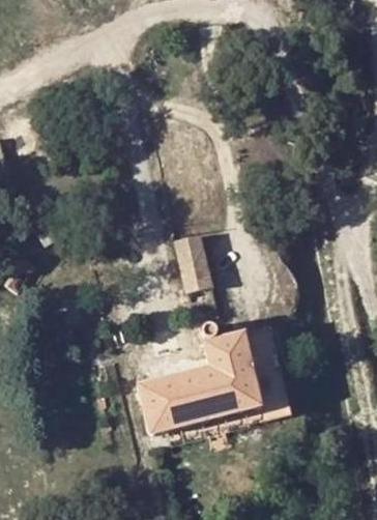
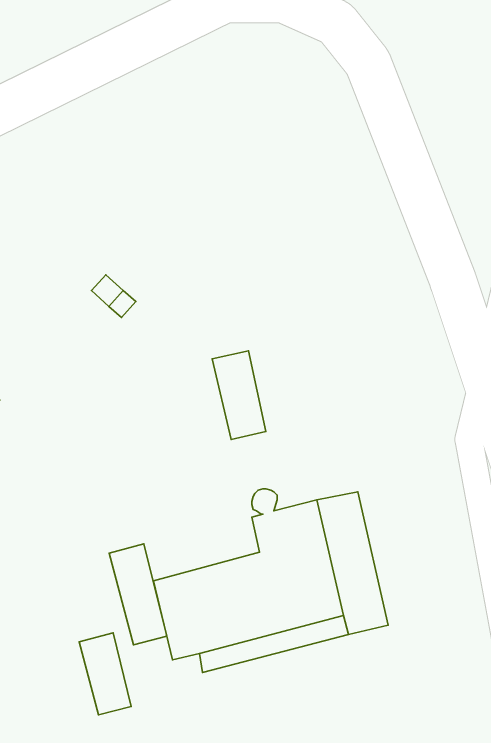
building: none -> [109,544,167,645]
building: none -> [79,633,131,715]

